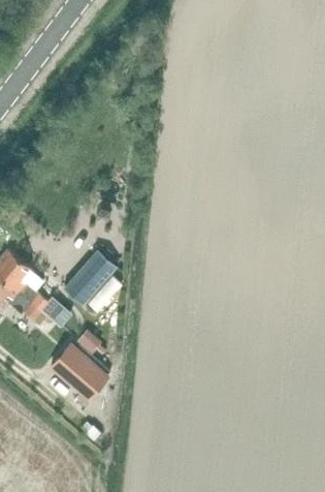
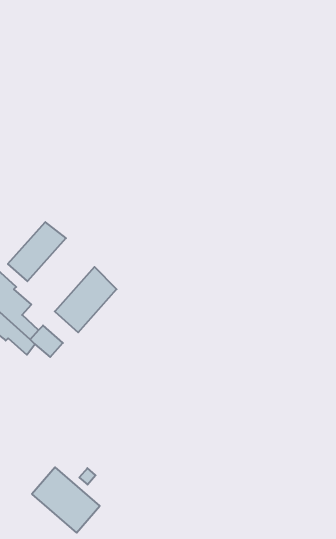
building: none -> [8,222,66,281]
building: [50,344,109,402] -> [32,467,100,533]

